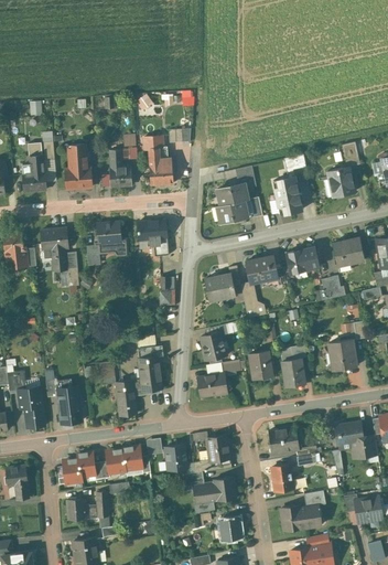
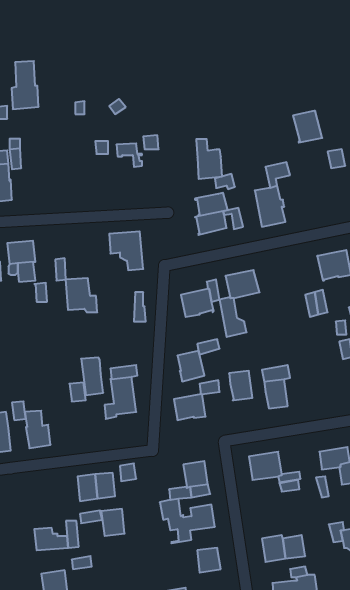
building: [65,145,90,190] -> [12,61,39,109]
building: [149,148,173,185] -> [196,139,222,179]
building: [109,150,131,186] -> none
building: [327,167,355,196] -> [293,111,322,143]
building: [97,223,127,255] -> [66,278,97,312]
building: [285,246,319,273] -> none
building: [328,340,356,371] -> none
building: [115,381,136,416] -> [81,358,103,395]
building: [164,445,186,470] -> [101,509,125,536]
building: [63,452,95,483] -> none
building: [271,465,292,491] -> none

